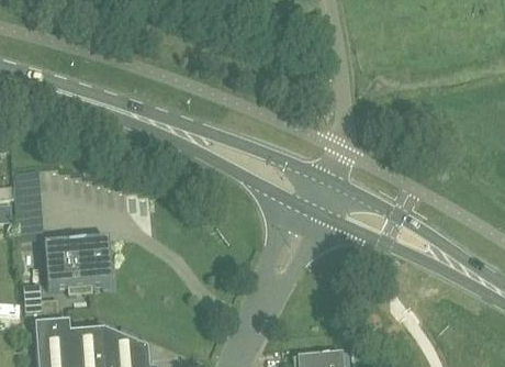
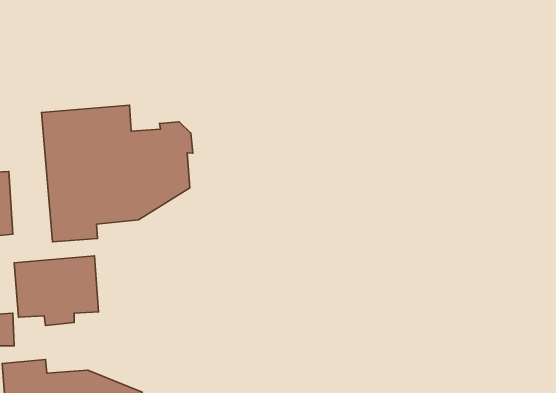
building: none -> [42,105,193,242]

